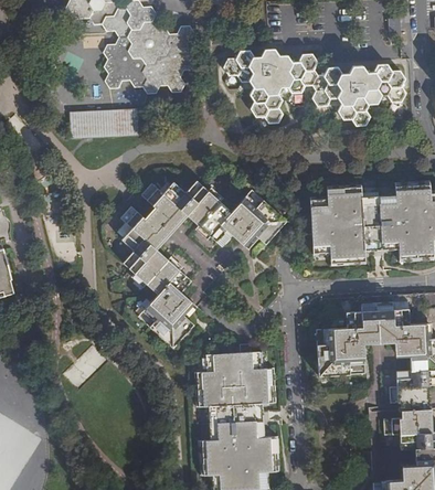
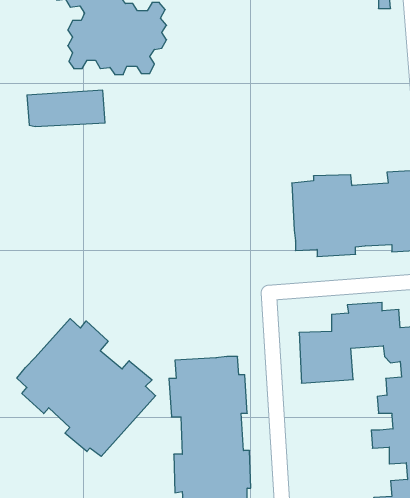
building: [223,50,407,127] -> none
building: [120,180,286,348] -> none
building: none -> [17,319,156,456]

